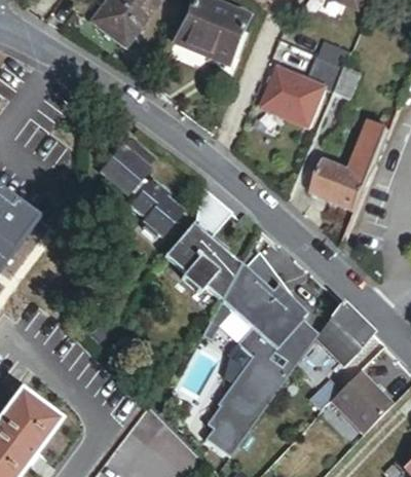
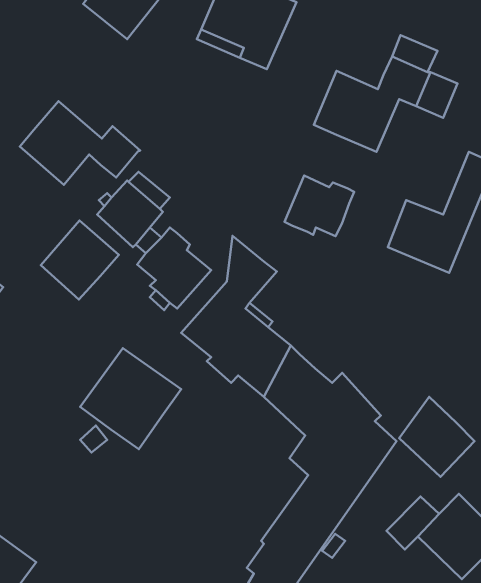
building: none -> [20,101,140,185]
building: none -> [285,175,354,236]
building: none -> [41,221,119,300]
building: none -> [80,348,181,449]

